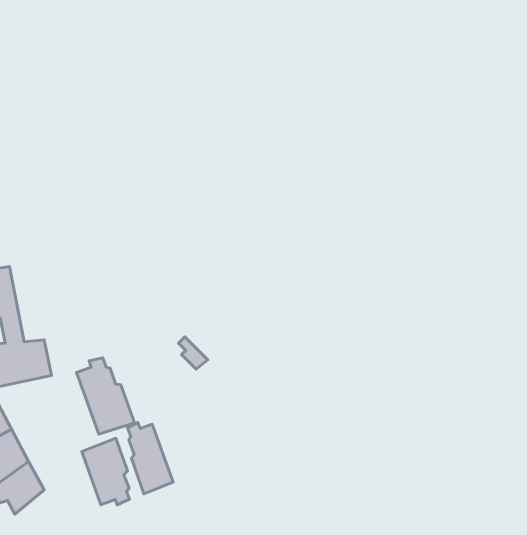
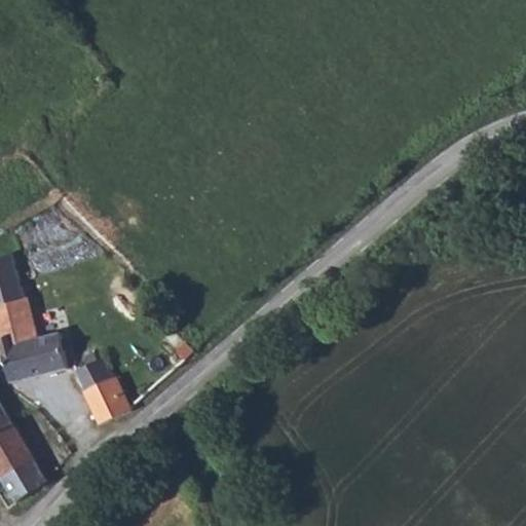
building: [127,423,173,494] -> none
building: [82,438,130,505] -> none

